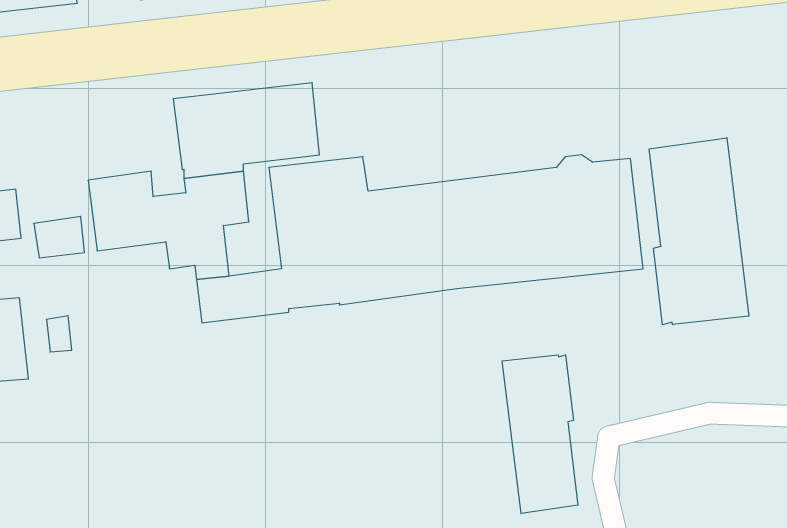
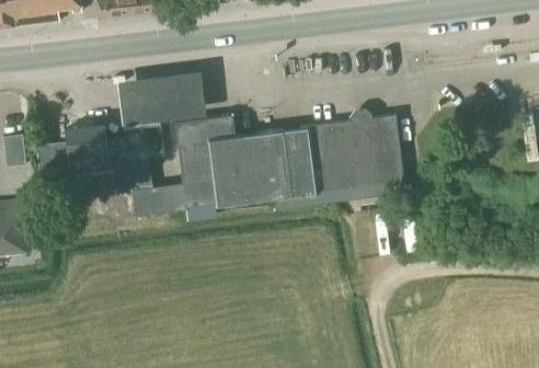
building: [649,138,749,325] -> none
building: [502,355,578,514] -> none

